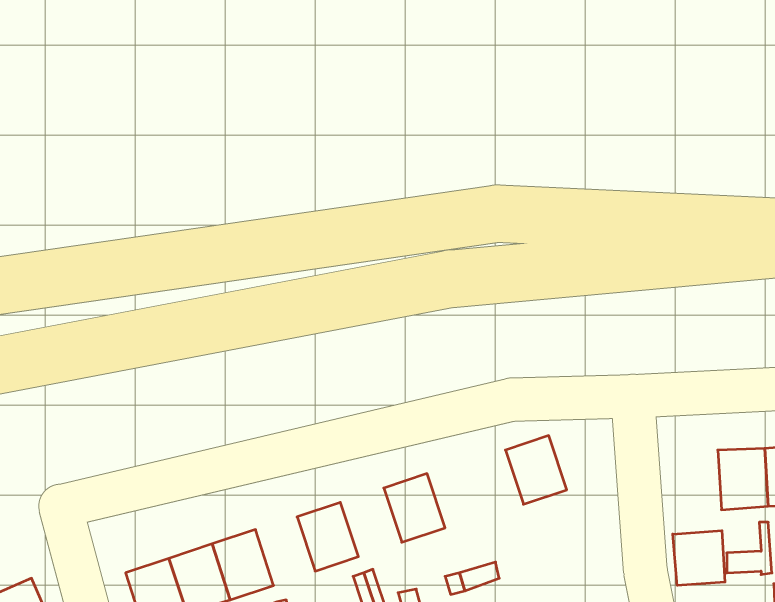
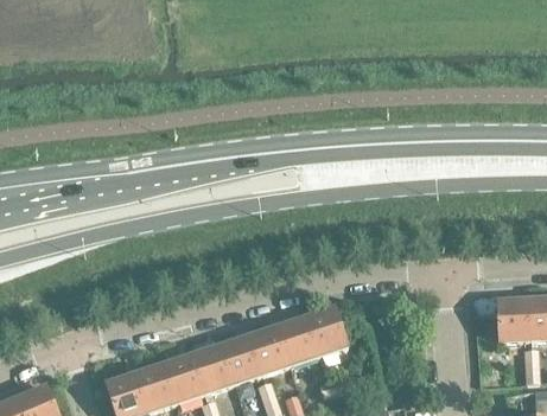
building: [505,436,567,504] -> [306,308,346,353]
building: none -> [249,327,290,372]
building: none -> [193,346,233,391]
building: [673,531,725,585] -> none

